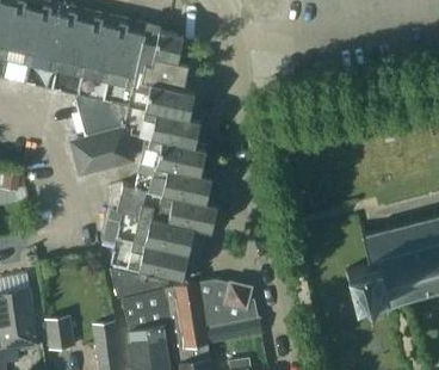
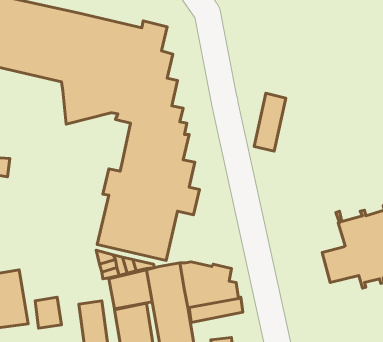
building: none -> [254,93,286,151]
building: [68,125,135,178] -> none

